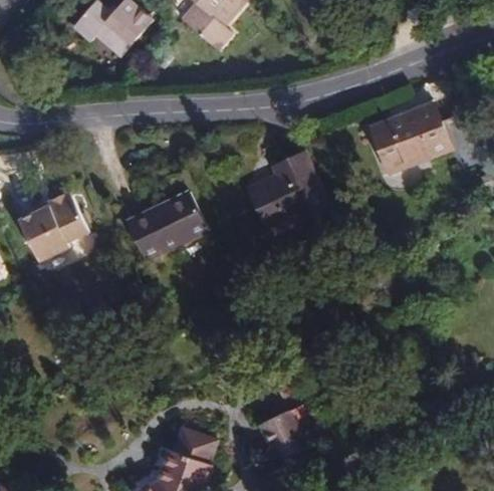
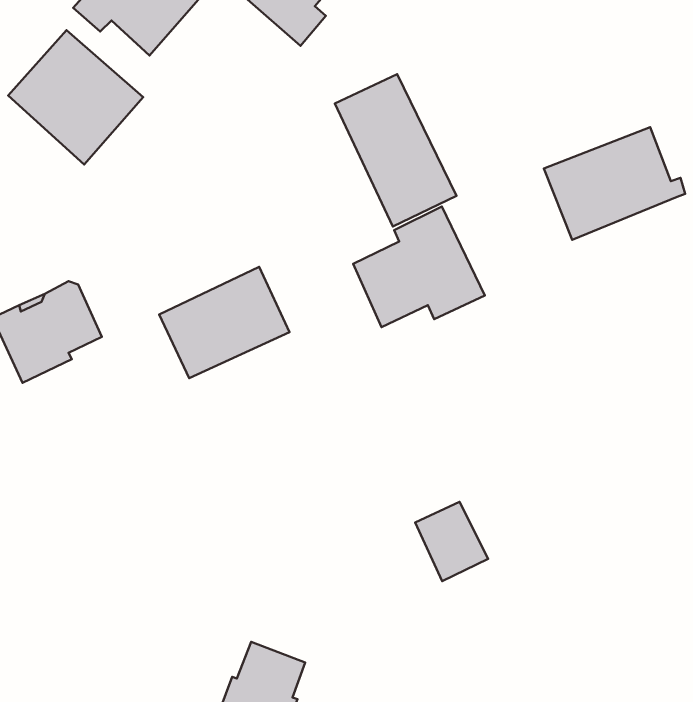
building: none -> [8,30,143,164]
building: none -> [335,74,456,227]
building: [261,410,307,460] -> [415,502,488,581]

